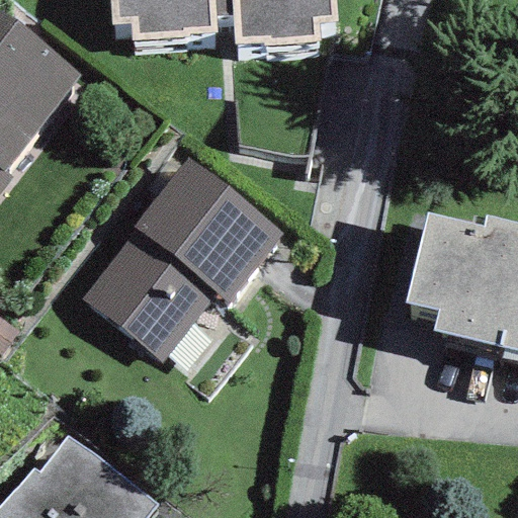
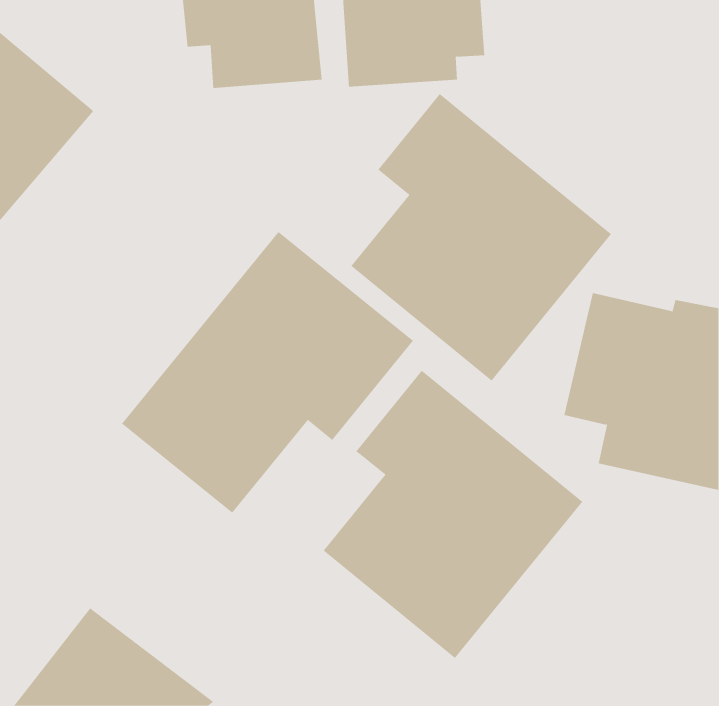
building: none -> [351,93,612,382]
building: none -> [323,370,583,659]

